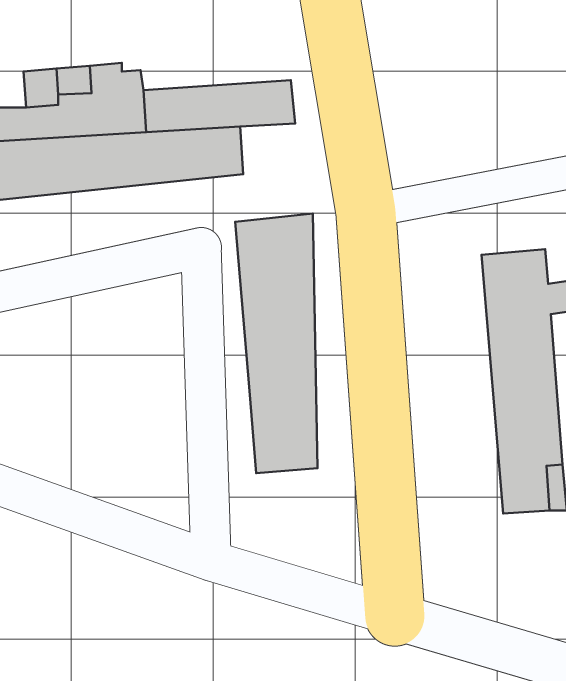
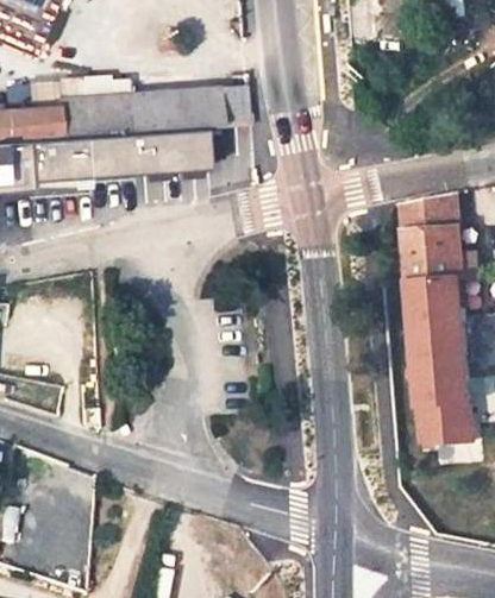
building: none -> [400,196,453,233]
building: [235,213,318,473] -> none

